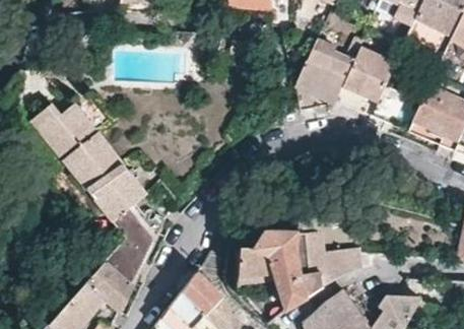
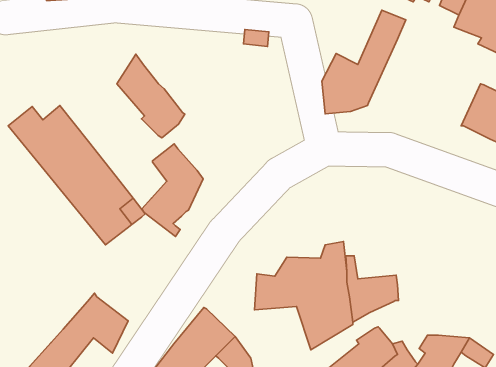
building: [335,47,395,113] -> none
building: none -> [117,54,185,138]
building: [104,206,155,284] -> [142,144,203,237]

